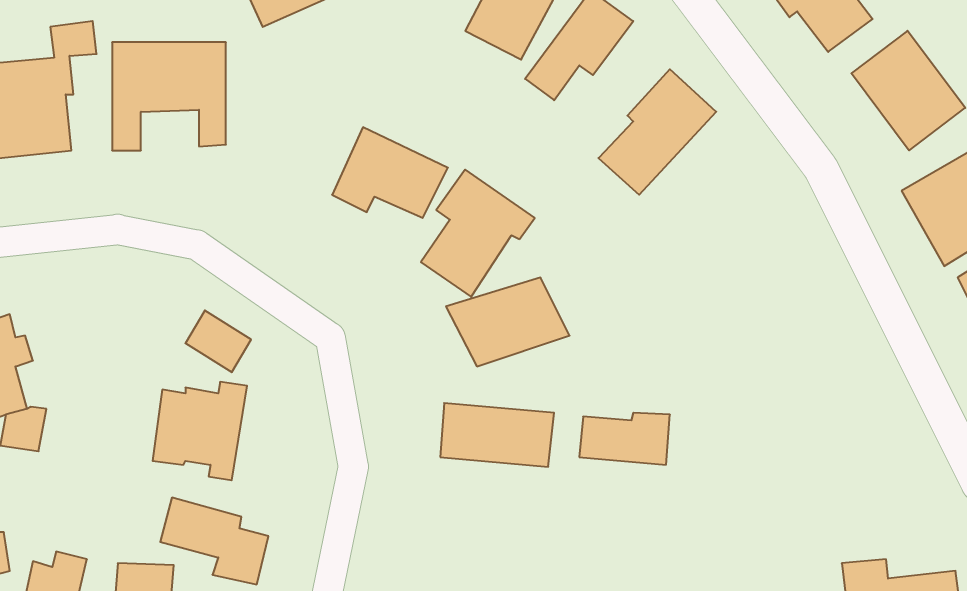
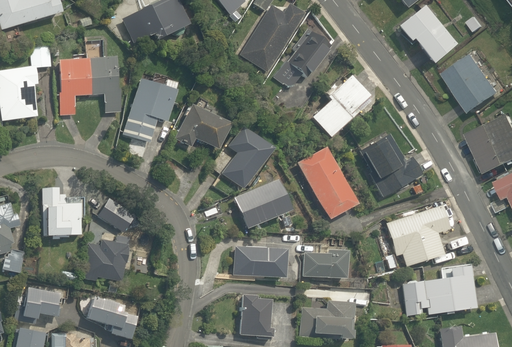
building: none -> [121,78,181,143]
building: none -> [360,134,426,198]
building: none -> [298,146,360,220]
building: none -> [41,188,81,237]
building: none -> [382,202,444,265]
building: none -> [396,264,475,312]
building: none -> [24,288,62,320]
building: none -> [239,292,273,336]
building: none -> [298,300,355,338]

